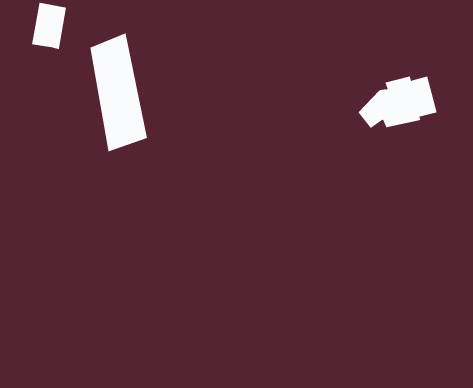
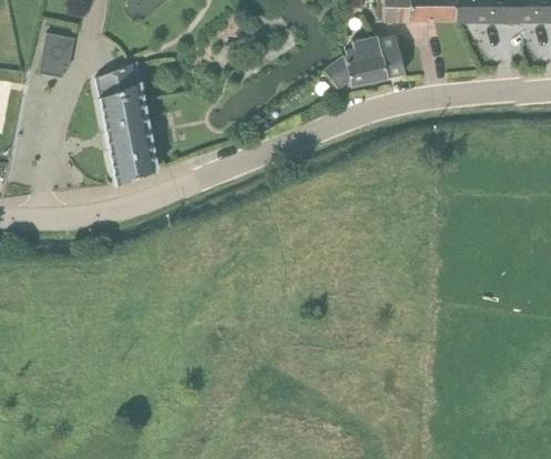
building: [358,76,437,129] -> [328,43,410,98]

